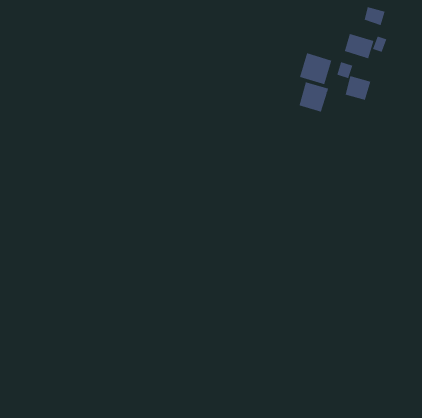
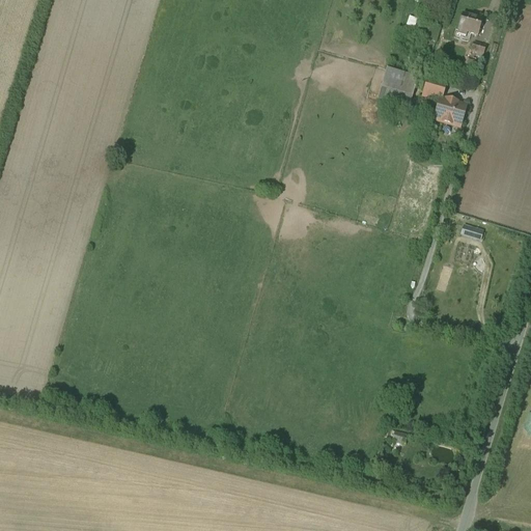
building: [344,33,374,59] -> none
building: [299,81,329,112] -> none

